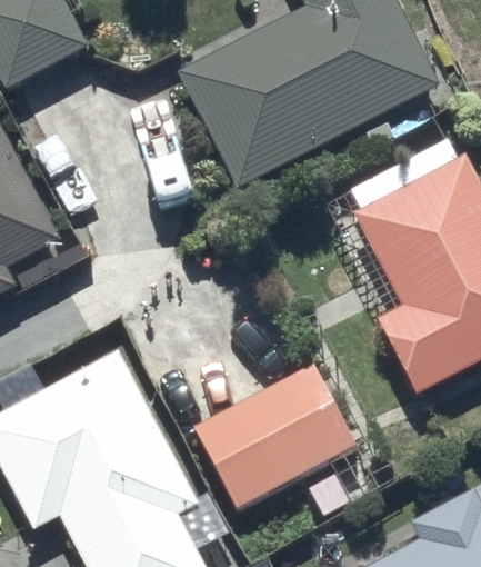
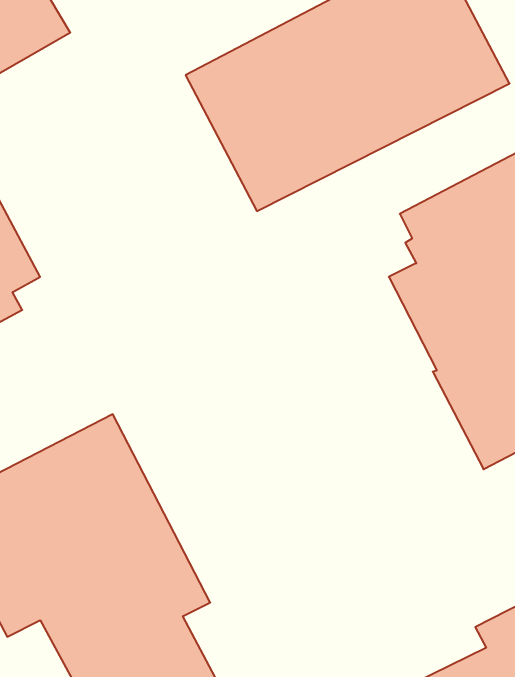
building: [202,367,365,514] -> none

